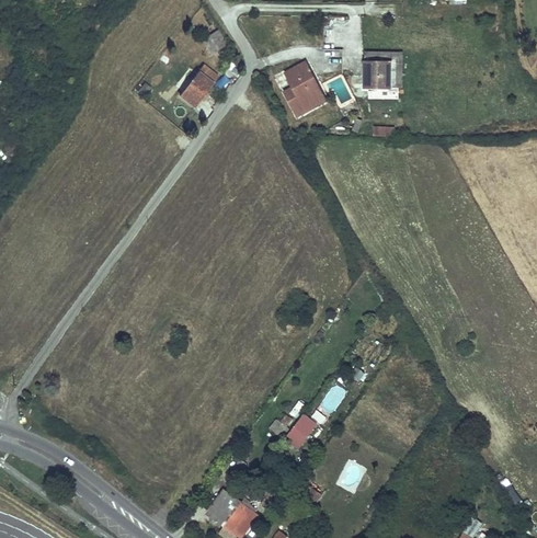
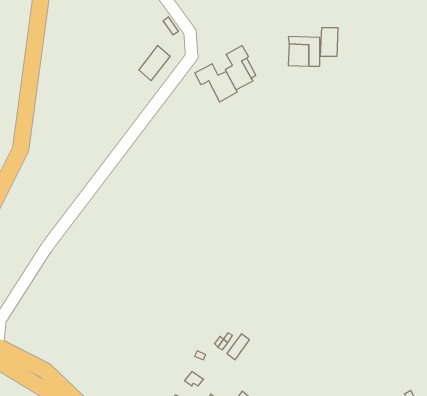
building: none -> [321,28,338,56]
building: none -> [195,64,237,102]

